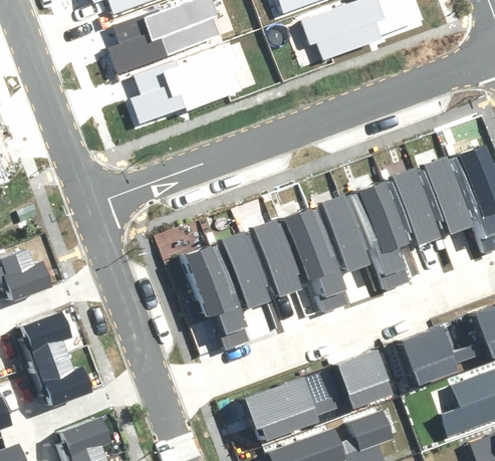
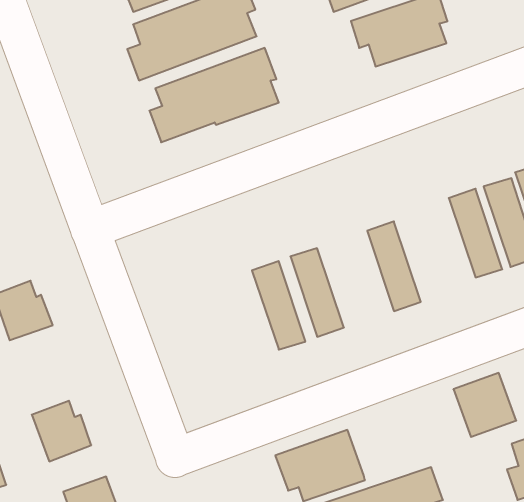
building: [354,180,413,288] -> none
building: [286,205,352,311] -> none
building: [184,242,250,348] -> none
building: [18,308,64,362] -> none
building: [334,351,390,407] -> none

